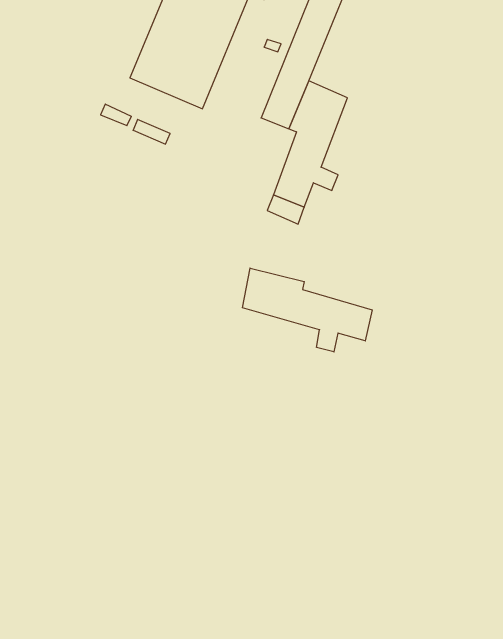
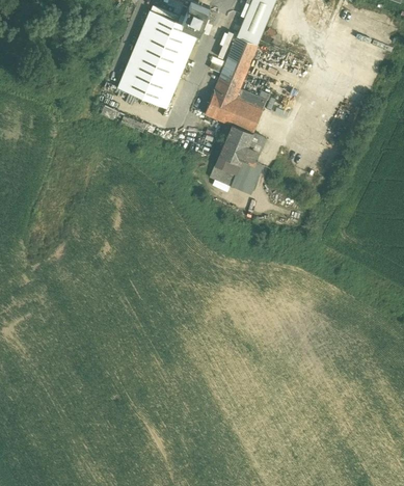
building: none -> [231,159,261,194]
building: [243,268,372,352] -> none

